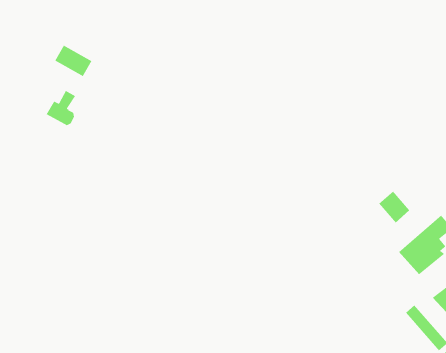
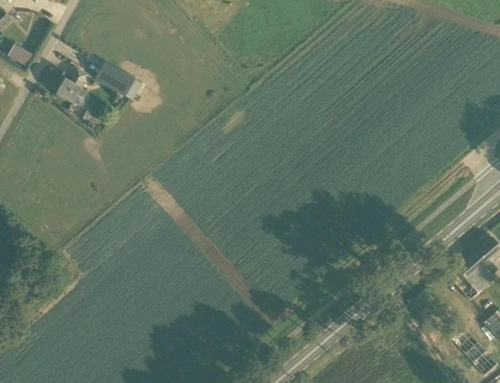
building: [46,90,76,126] -> [55,68,86,106]
building: [378,190,410,223] -> none

